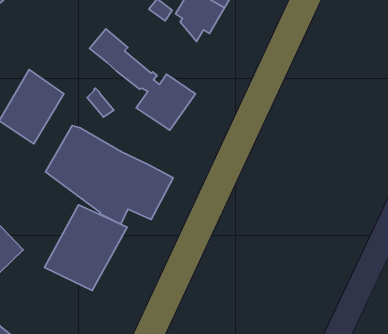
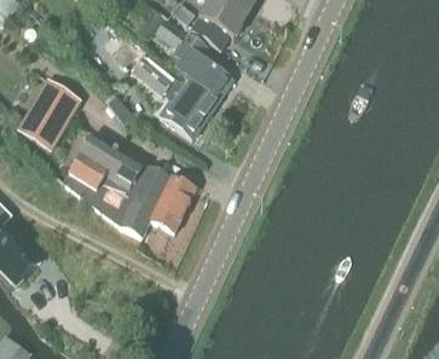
building: none -> [155,17,233,100]
building: [45,205,127,291] -> none

